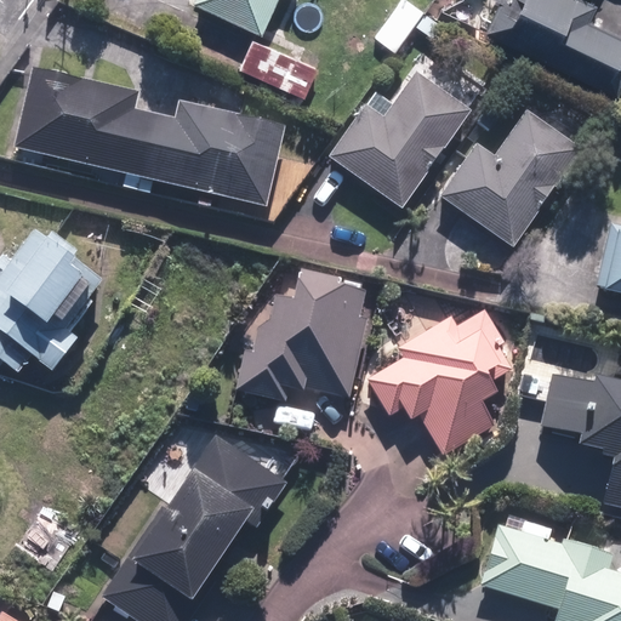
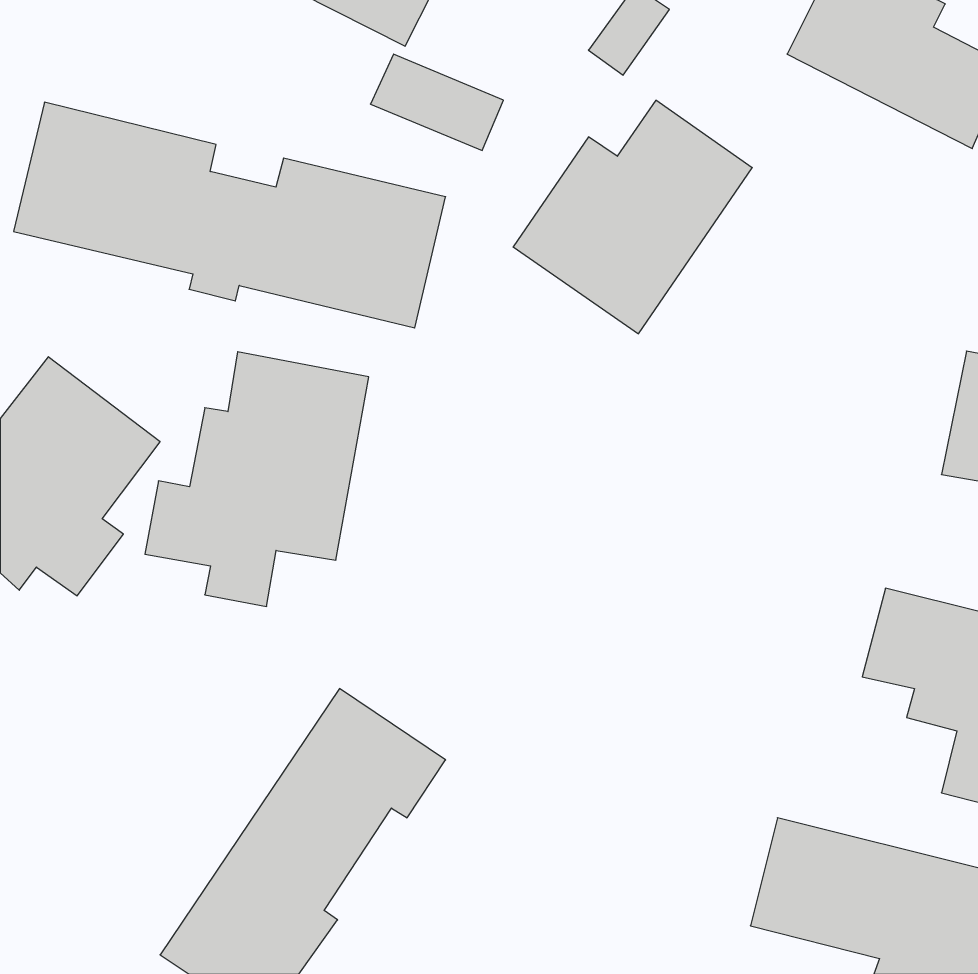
building: [437,114,574,246] -> none
building: [230,267,371,427] -> [145,352,369,606]
building: [364,313,515,456] -> none

